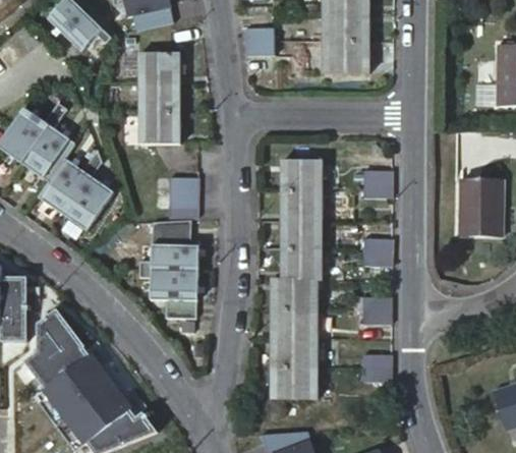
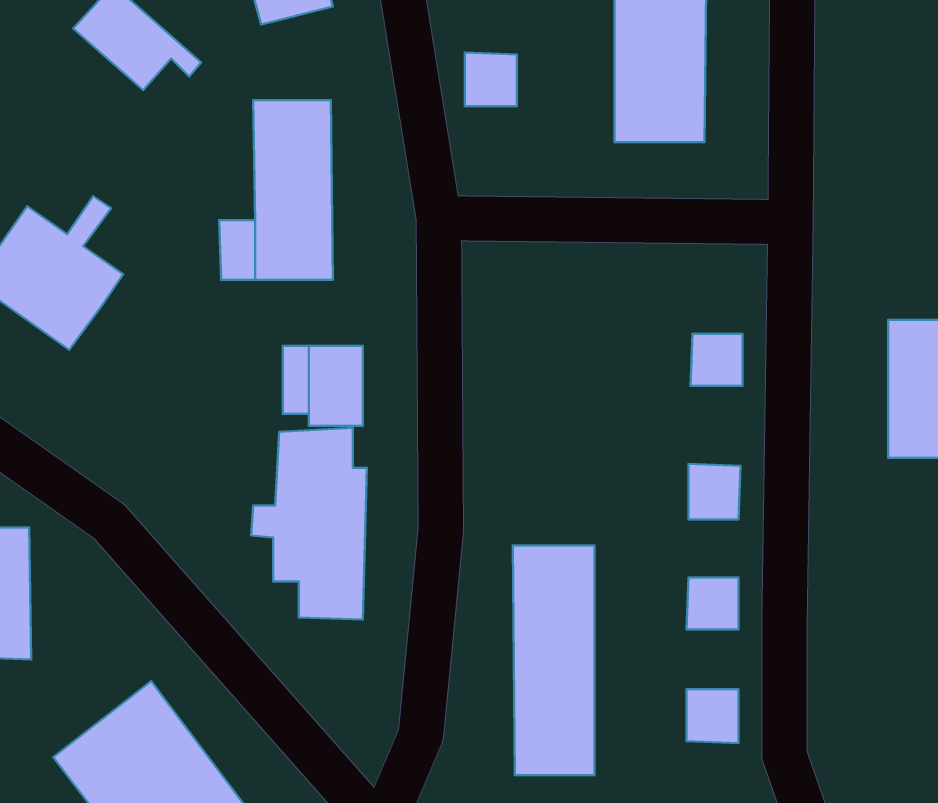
building: [36,148,113,230] -> none
building: [283,161,320,280] -> none
building: [23,304,83,365] -> none

